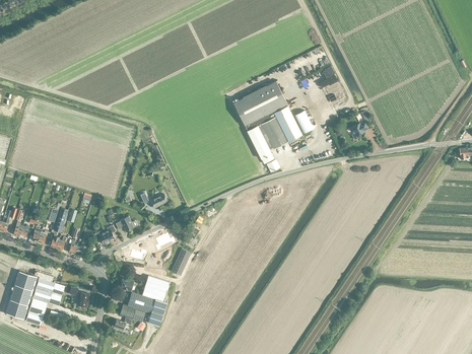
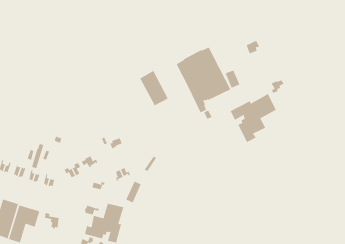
building: none -> [140,70,168,106]
building: none -> [230,93,277,143]

